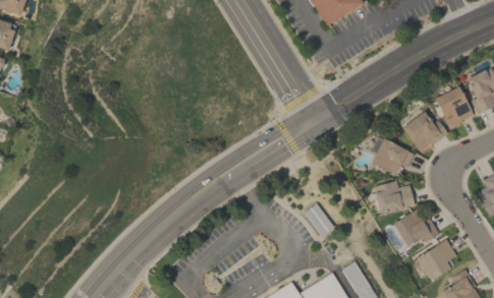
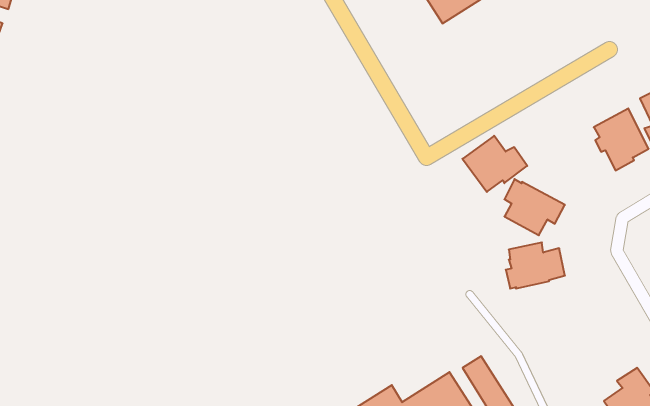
building: [401,112,447,152] -> [462,136,527,192]
building: [305,203,334,236] -> none
building: [392,211,439,247] -> none
building: [416,239,456,281] -> none

